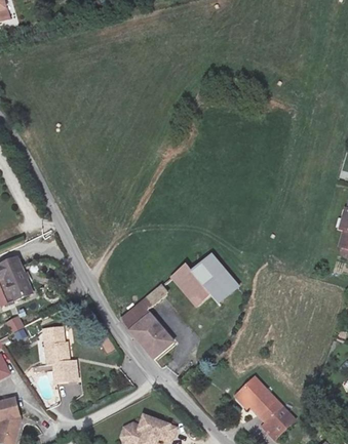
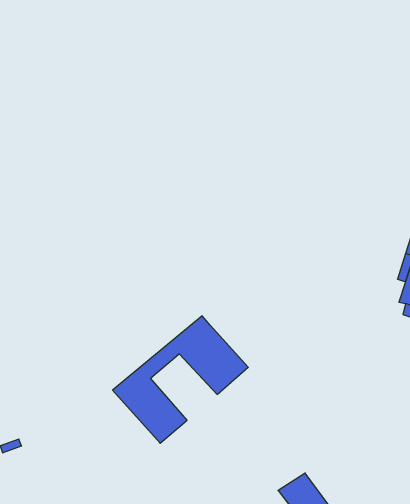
building: [192,254,239,304] -> none
building: [46,324,79,381] -> none

